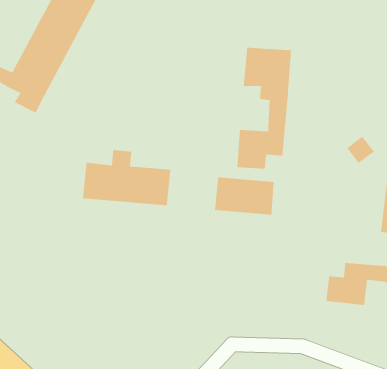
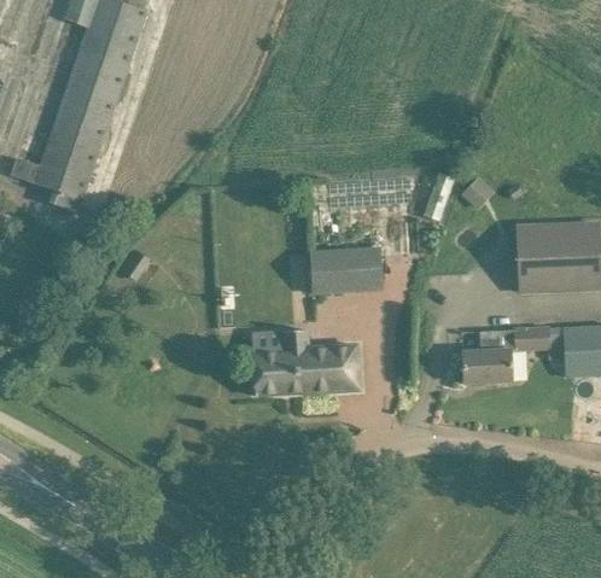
building: [237,47,292,170] -> none
building: [82,149,171,206] -> [253,328,361,395]

